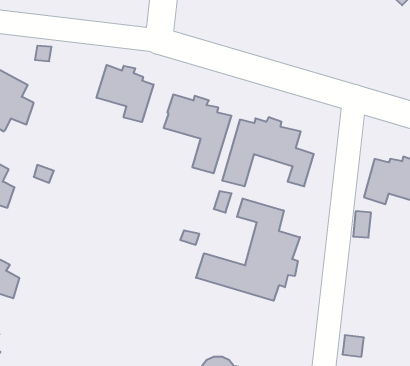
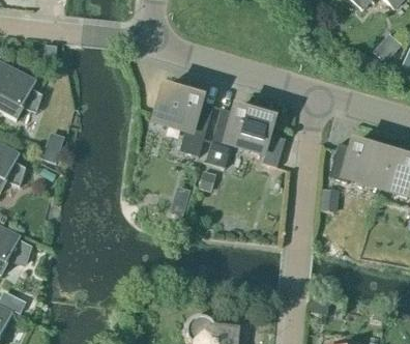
building: [97,65,154,122] -> none
building: [196,198,300,301] -> none

